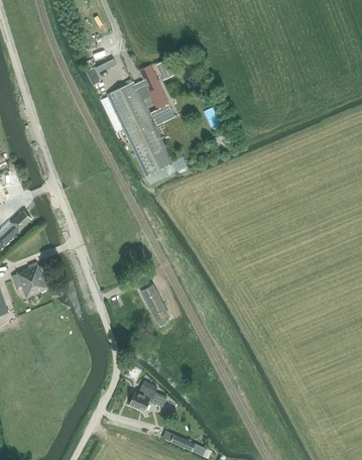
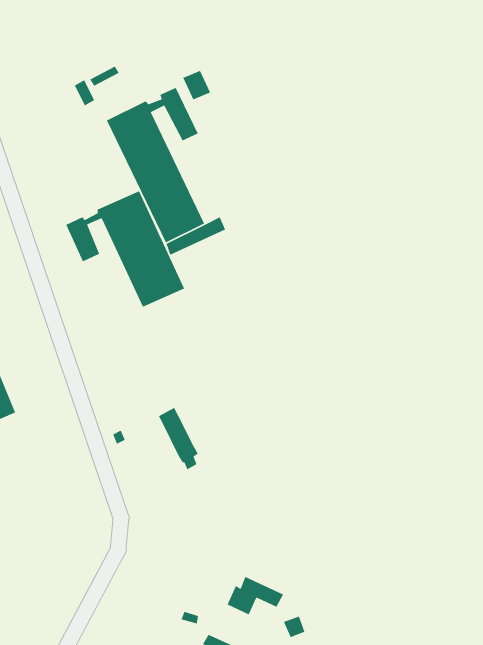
building: none -> [65,190,185,308]
building: [129,384,167,411] -> [226,576,284,615]

